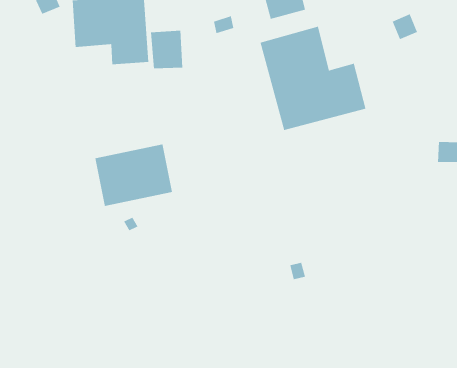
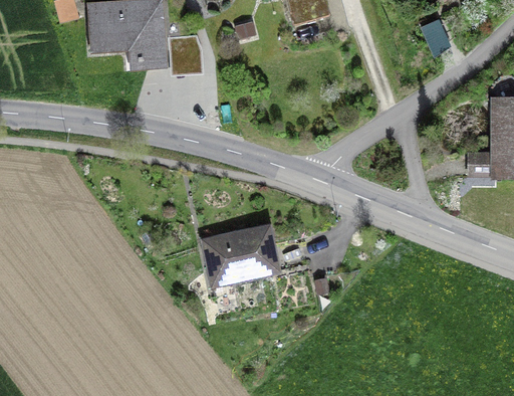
building: [260,26,366,131] -> none
building: [95,144,173,207] -> [200,222,281,287]

